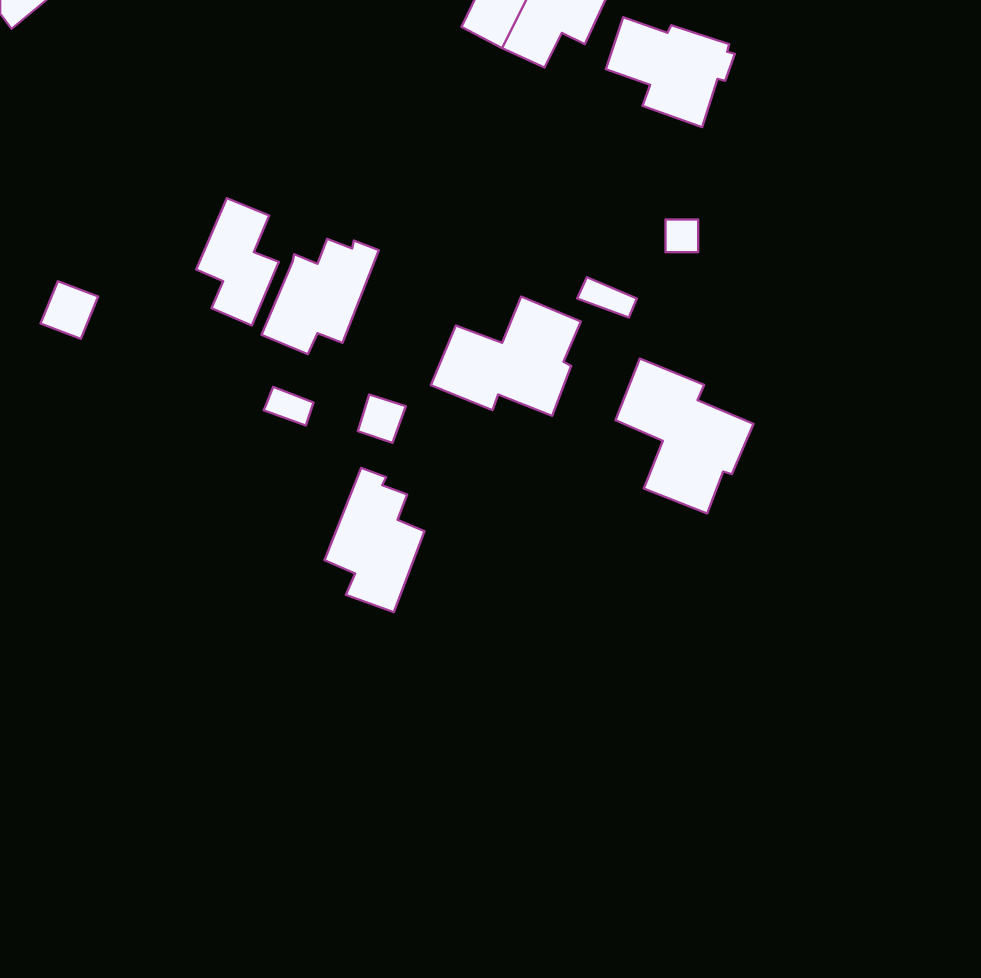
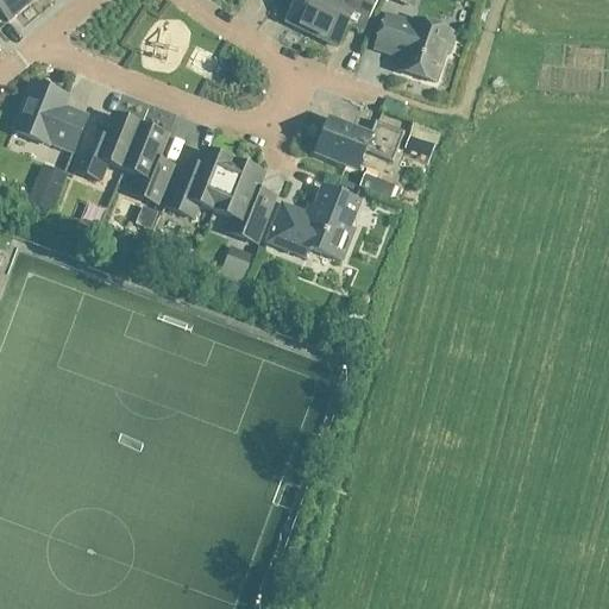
building: none -> [12,80,88,149]
building: none -> [75,111,142,178]
building: none -> [318,117,404,164]
building: [615,359,753,513] -> none
building: [325,468,425,612] -> [213,155,275,244]

